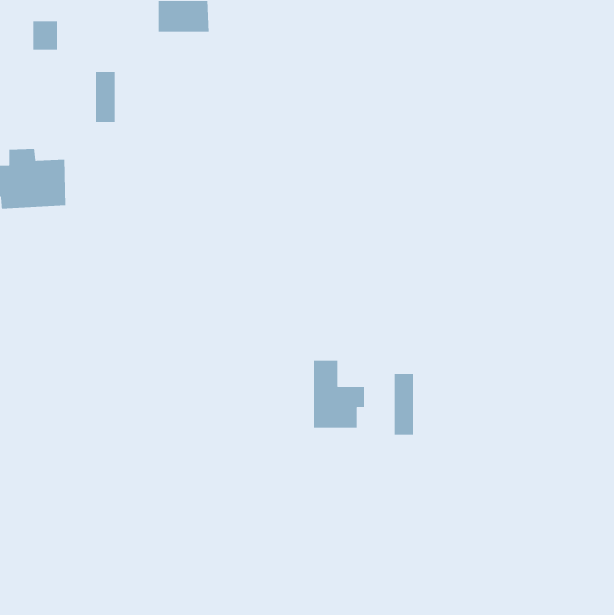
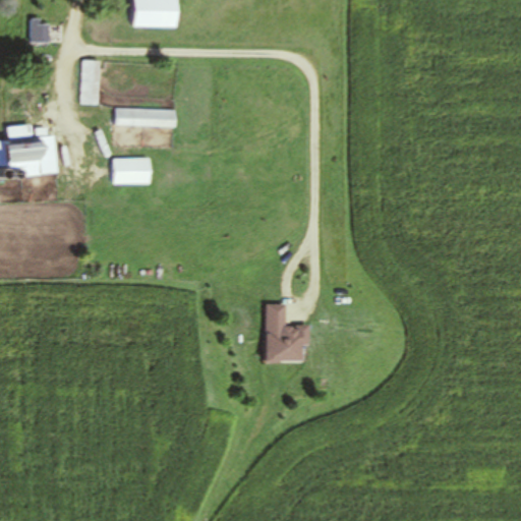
building: none -> [114,108,175,126]
building: none -> [112,158,150,184]
building: [394,373,414,435] -> none

